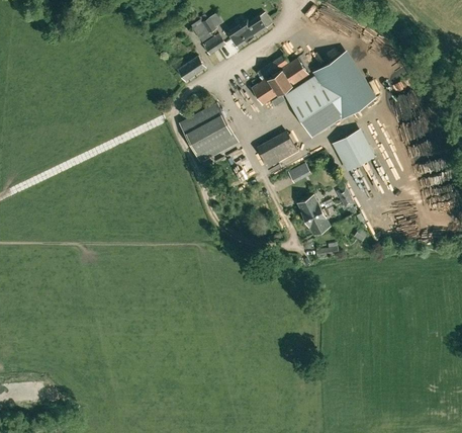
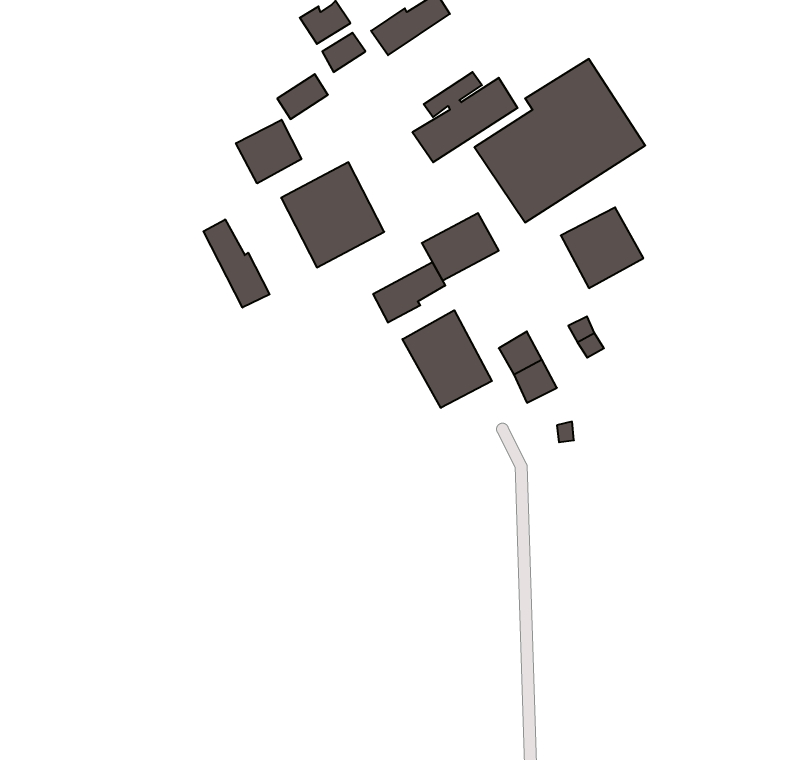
building: none -> [236,120,301,183]
building: none -> [203,219,270,308]
building: none -> [373,262,445,323]
building: none -> [402,310,492,408]

